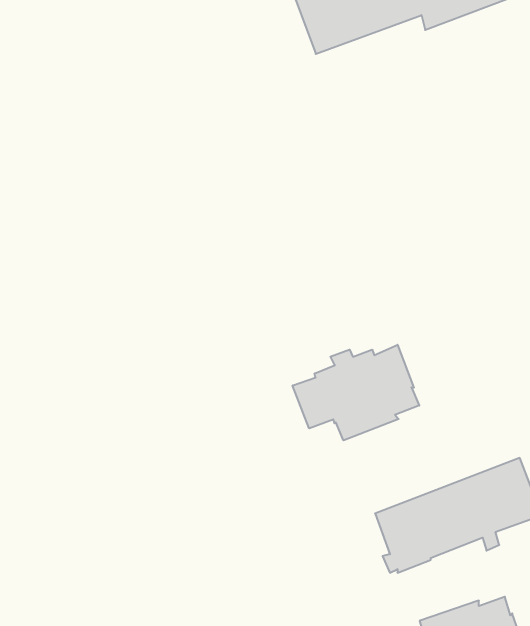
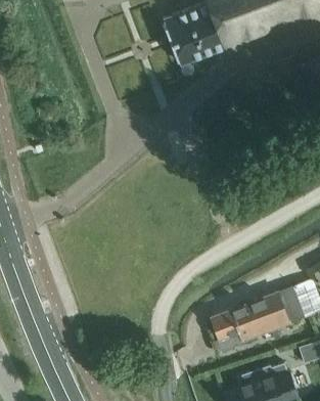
building: [293,345,419,440] -> none

